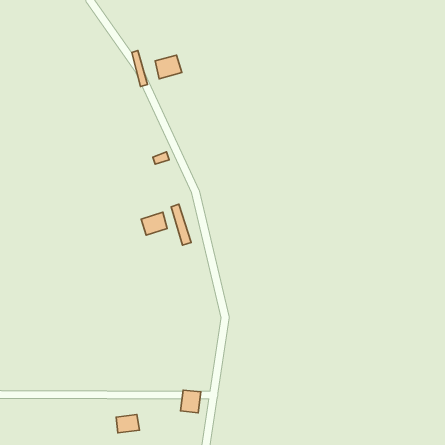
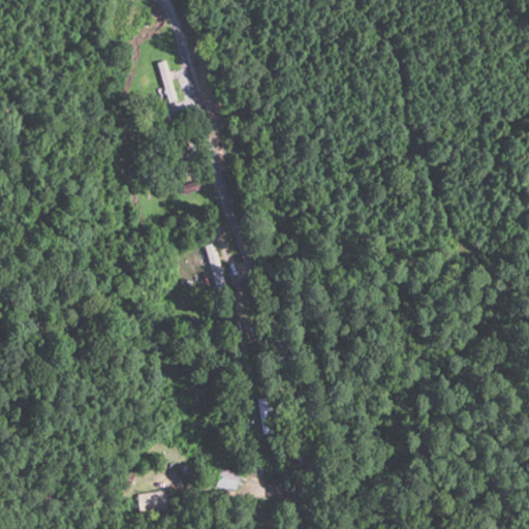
building: [155,55,182,79] -> none
building: [141,212,167,235] -> none

